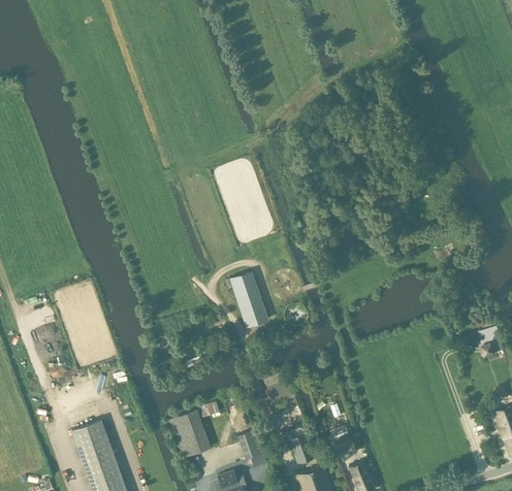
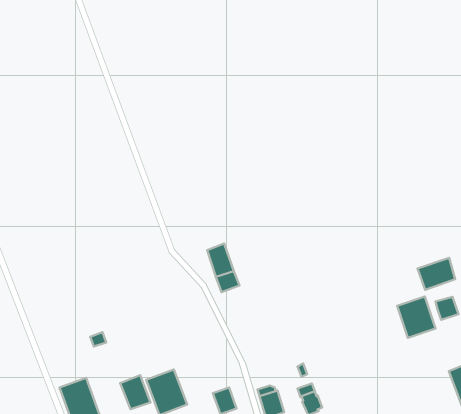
building: none -> [417,258,455,290]
building: none -> [397,296,435,338]
building: none -> [120,375,150,409]

